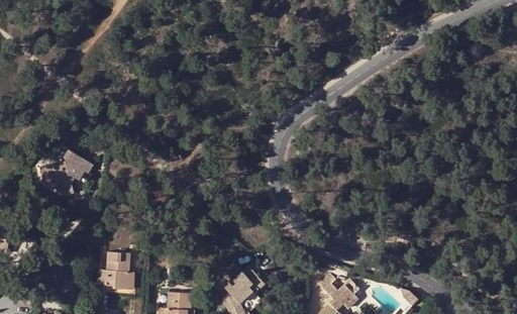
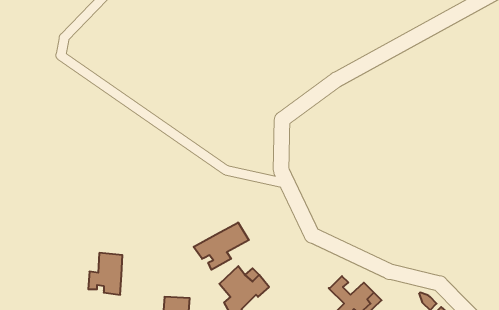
building: [47,149,92,194] -> none
building: none -> [194,222,249,270]

